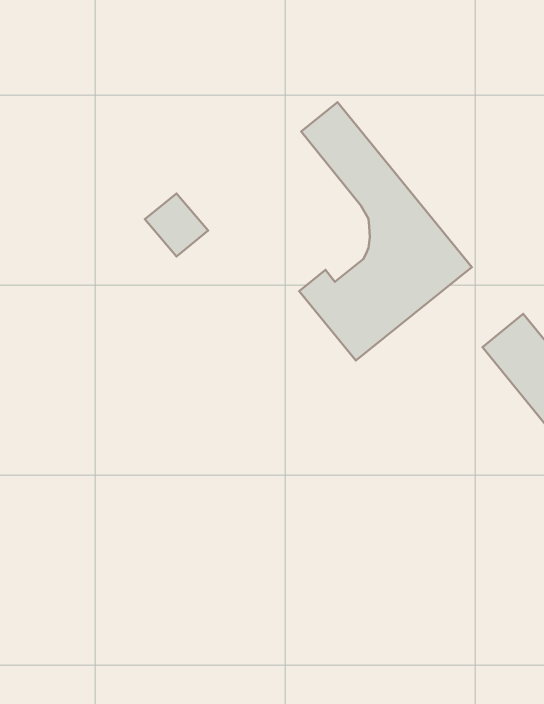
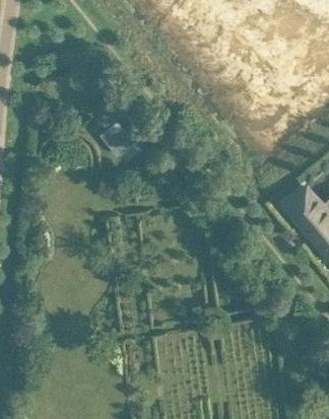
building: [299,102,472,361] -> none

